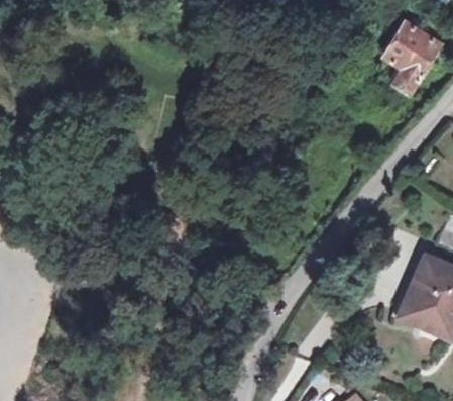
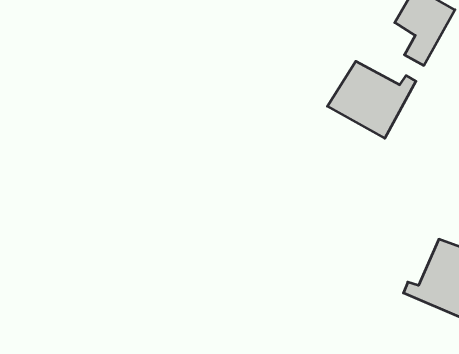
building: none -> [327,61,416,138]

